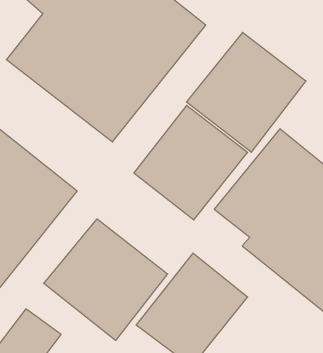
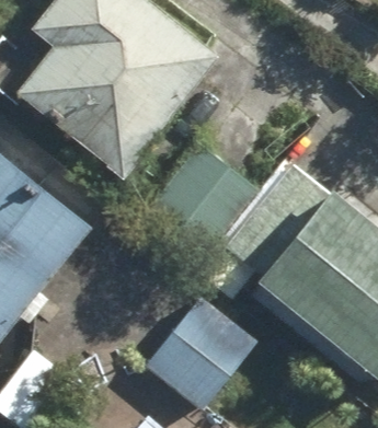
building: [186,32,306,152] -> none
building: [44,219,168,340] -> none

